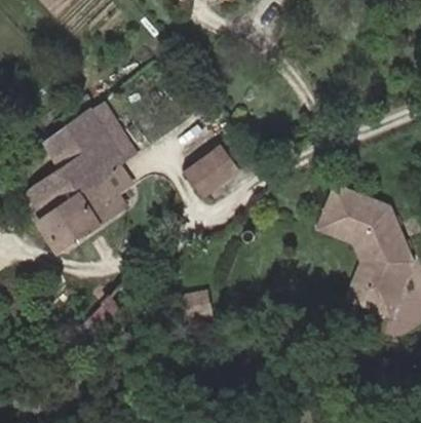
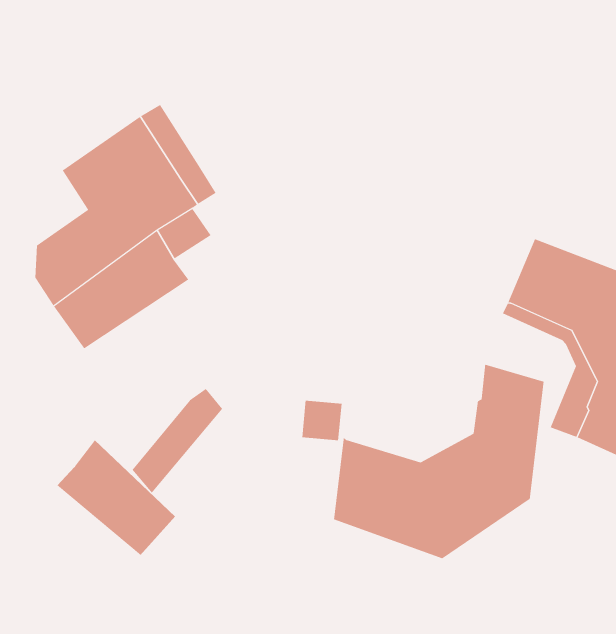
building: [185,156,234,202] -> none
building: none -> [334,364,544,559]
building: none -> [57,440,176,556]

